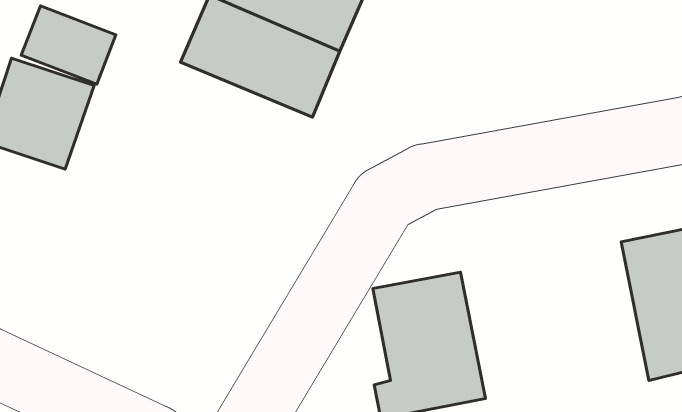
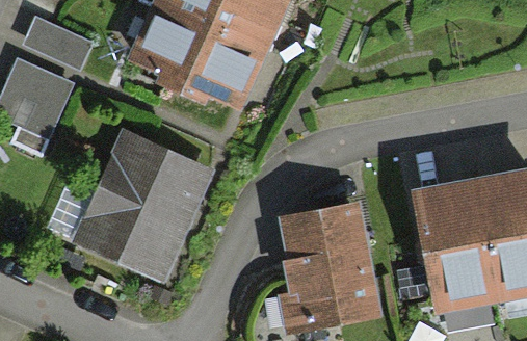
building: none -> [79,143,201,274]
building: none -> [417,193,494,309]

